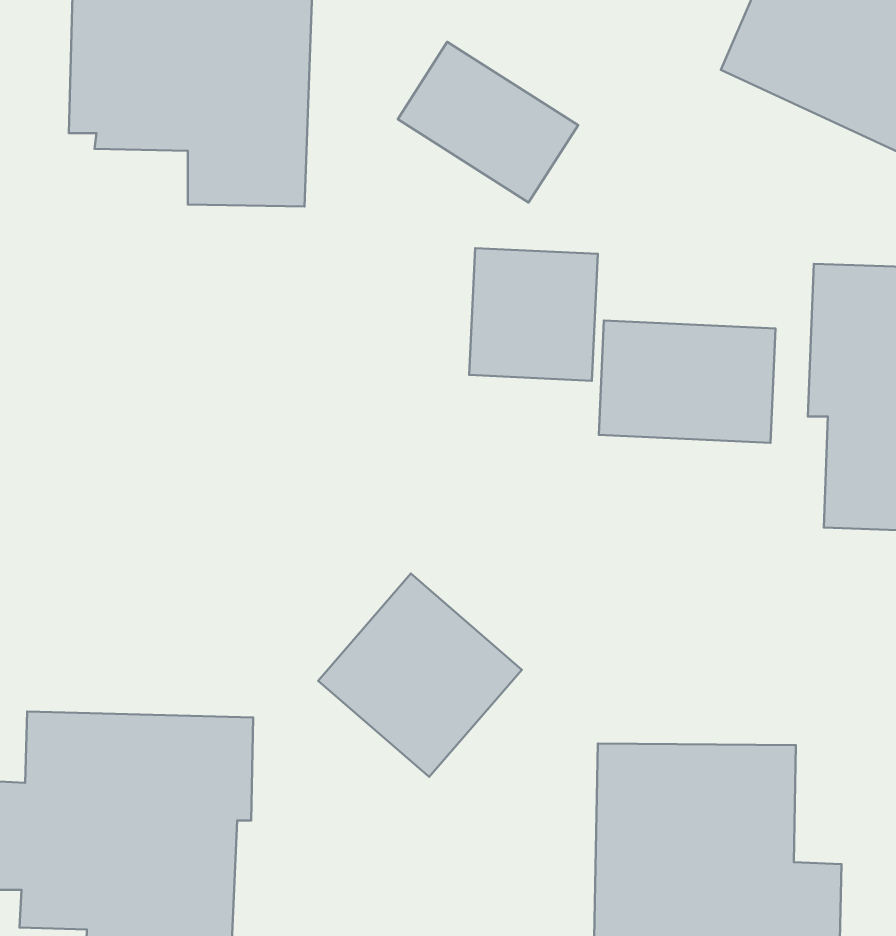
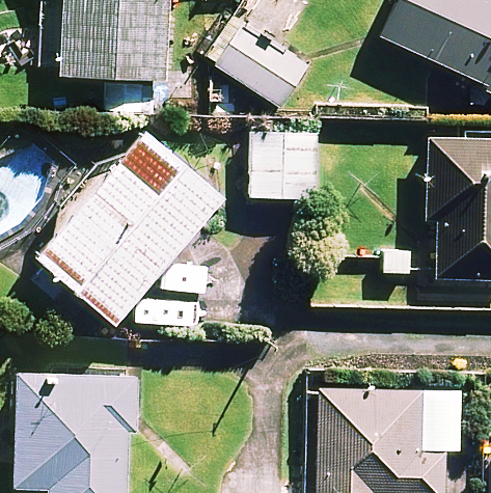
building: none -> [35,135,221,327]
building: [599,321,775,443] -> none
building: [318,574,522,777] -> none

